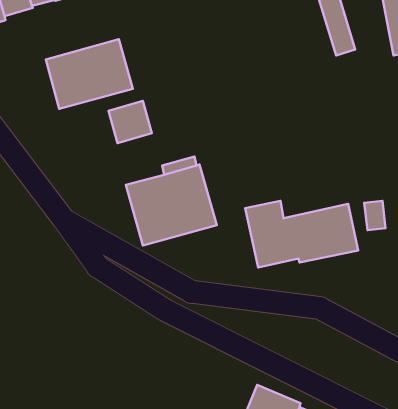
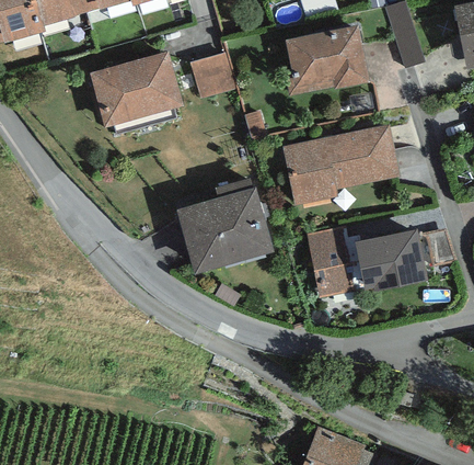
building: none -> [286,25,368,94]
building: [108,101,152,143] -> [190,52,238,98]
building: none -> [282,124,401,205]

